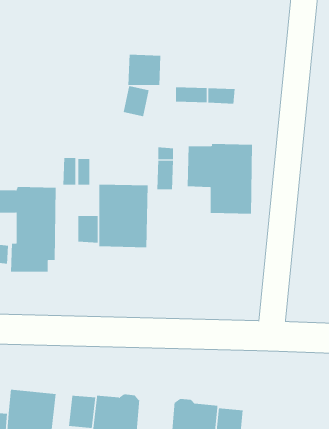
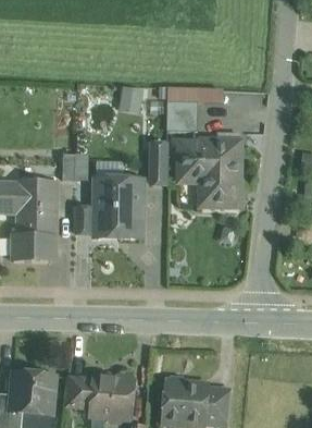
building: [128,54,161,86] -> [165,100,197,130]

